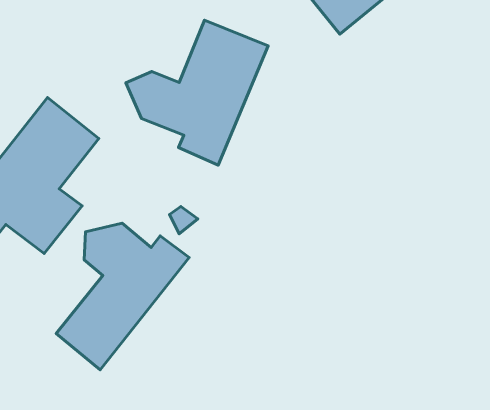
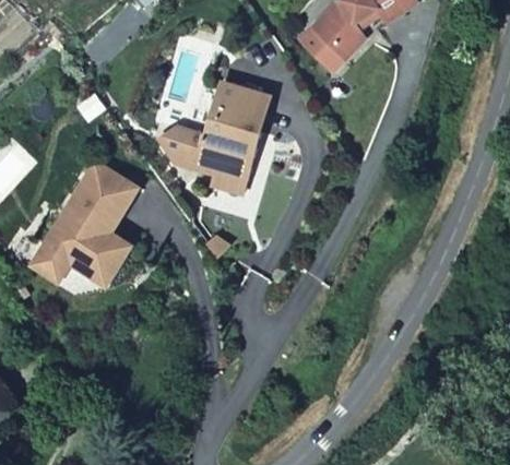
building: [56,223,189,370] -> none

